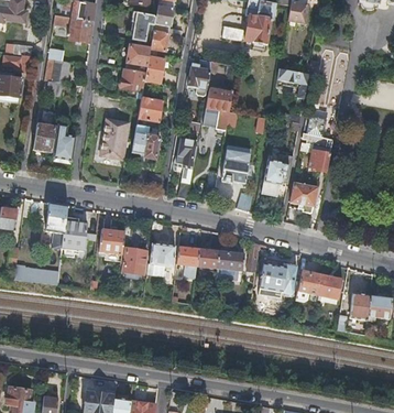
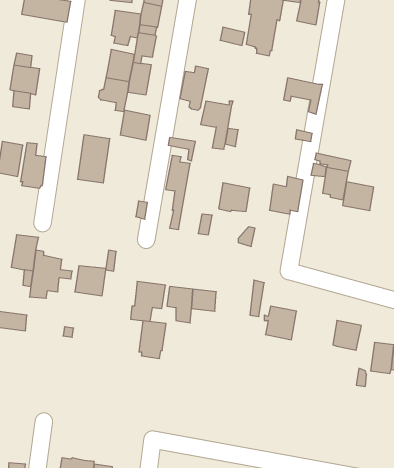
building: [53,14,92,42] -> none
building: [131,123,158,159] -> none
building: [291,182,317,206] -> [343,182,374,211]
building: [123,247,146,279] -> [139,321,166,358]
building: [217,250,244,279] -> none
building: [296,270,321,301] -> none

